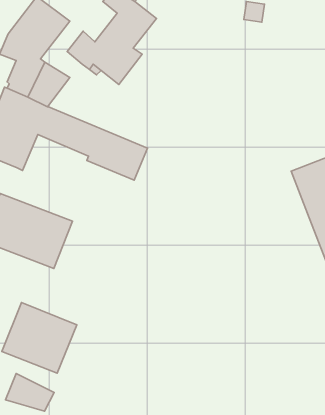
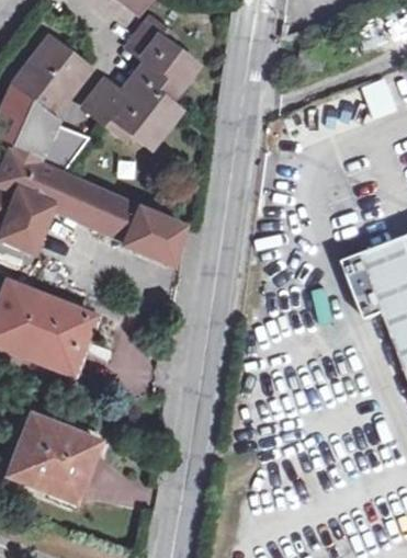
building: none -> [332,253,382,321]
building: [6,373,54,411] -> none

